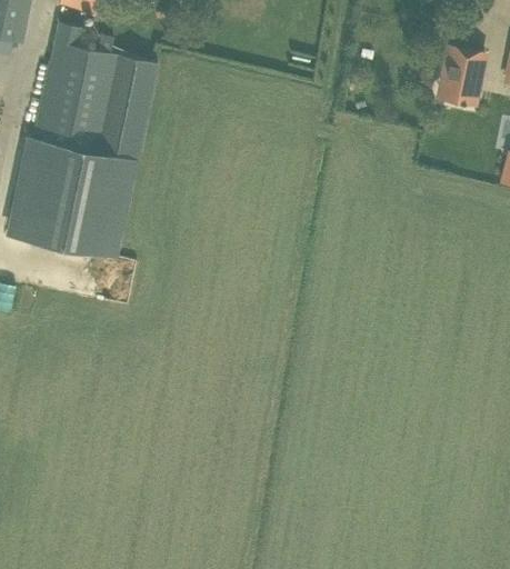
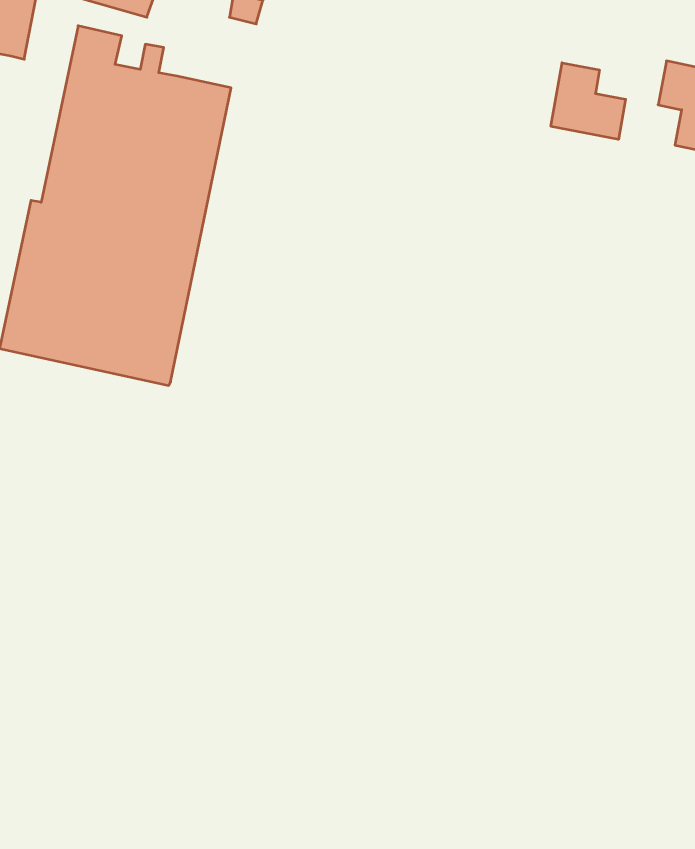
building: none -> [551,63,626,139]

